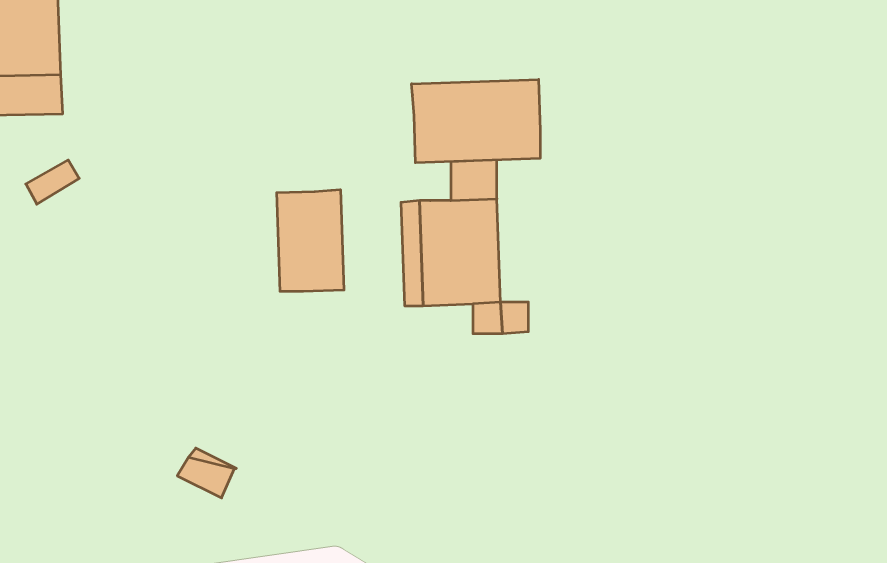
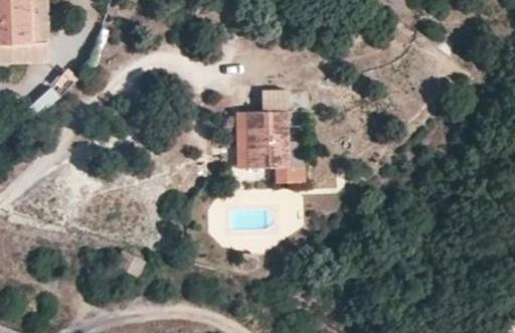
building: [412,79,540,163] -> none
building: [277,190,344,291] -> none

